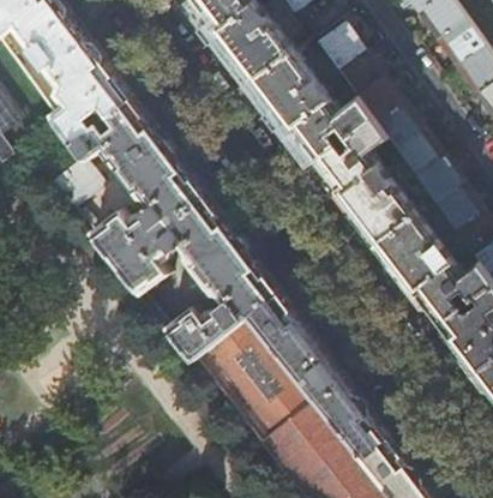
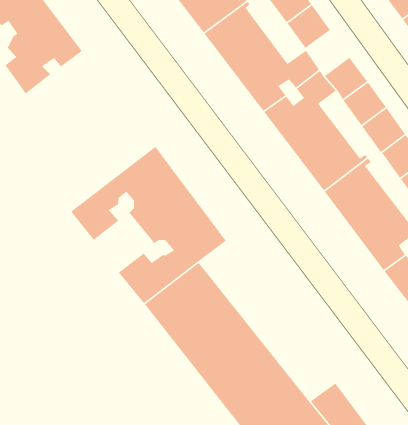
building: [357,76,403,122] -> none
building: [50,97,204,262] -> none
building: [248,292,389,456] -> none

